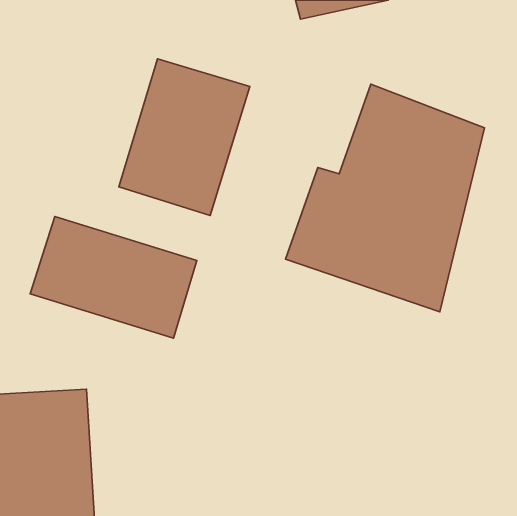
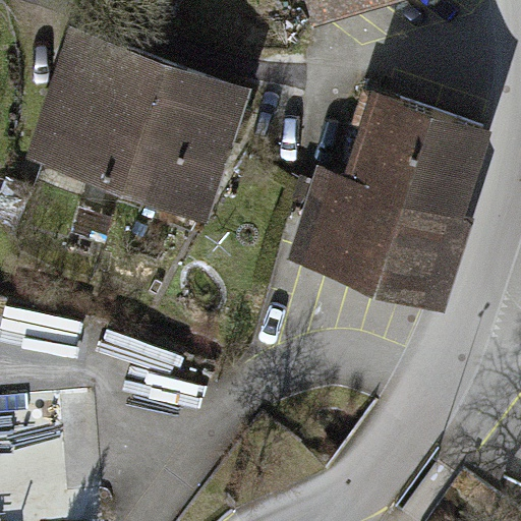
building: none -> [27,34,158,190]
building: [30,216,197,338] -> none

